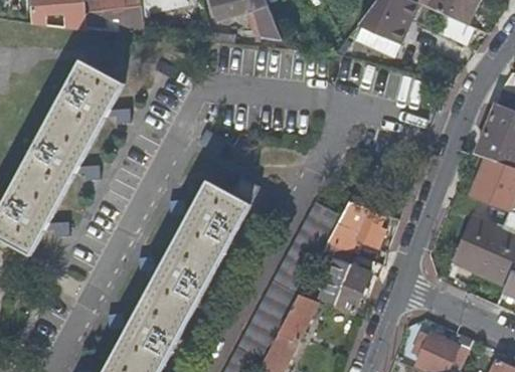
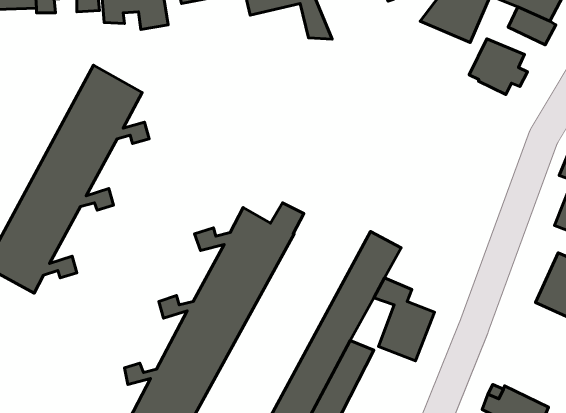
building: none -> [469,39,528,94]
building: [328,200,385,250] -> none

